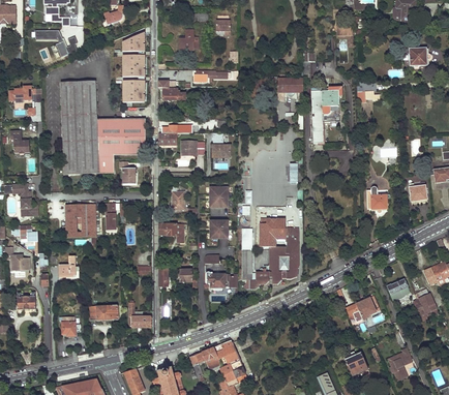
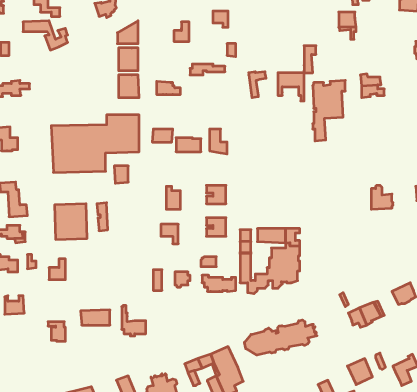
building: [59,81,114,129] -> none
building: none -> [244,320,317,355]

